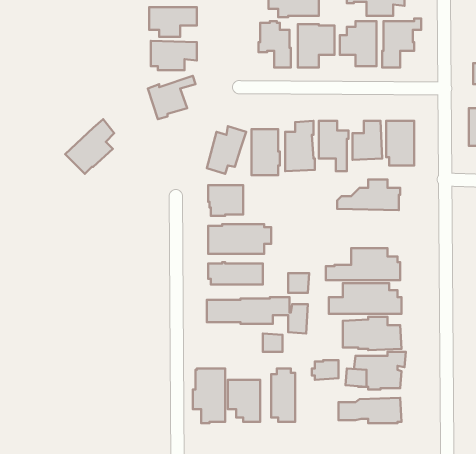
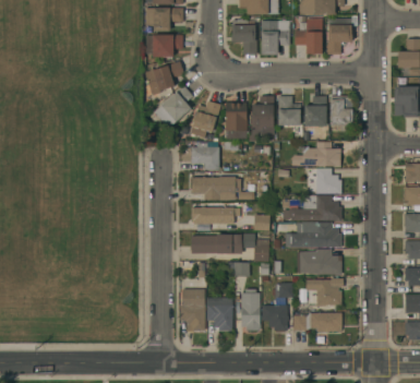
building: [65,119,114,174] -> [155,85,193,128]
building: none -> [307,168,341,194]
building: none -> [262,306,288,331]

